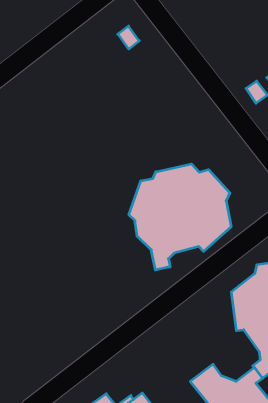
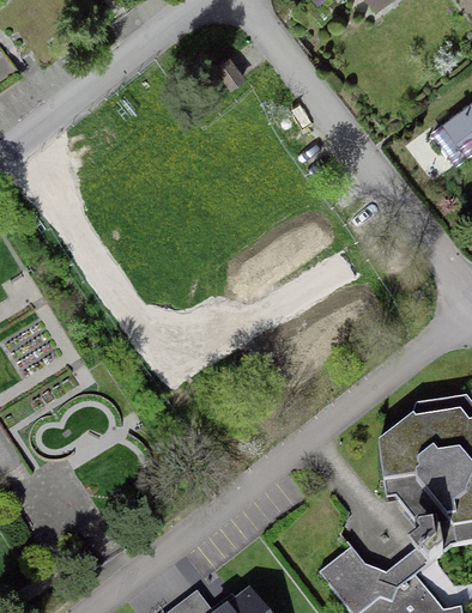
building: [129,164,231,270] -> none

